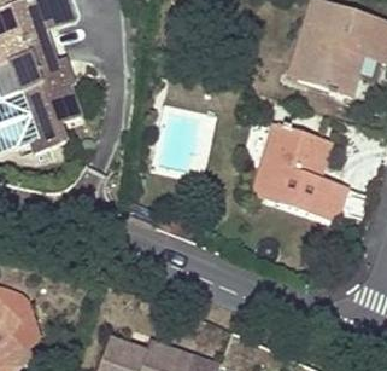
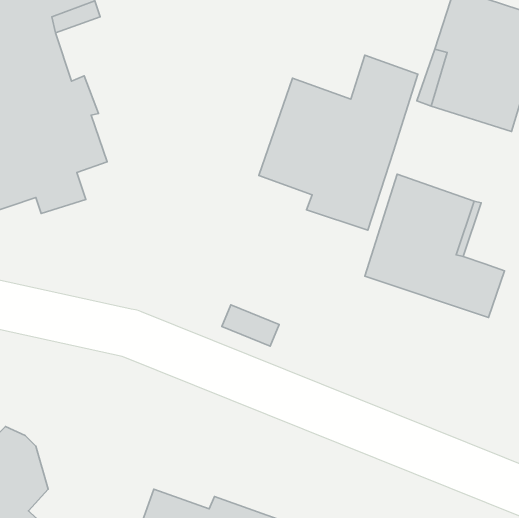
building: none -> [259,55,418,230]

